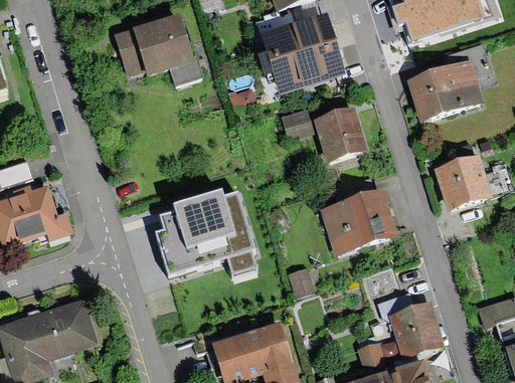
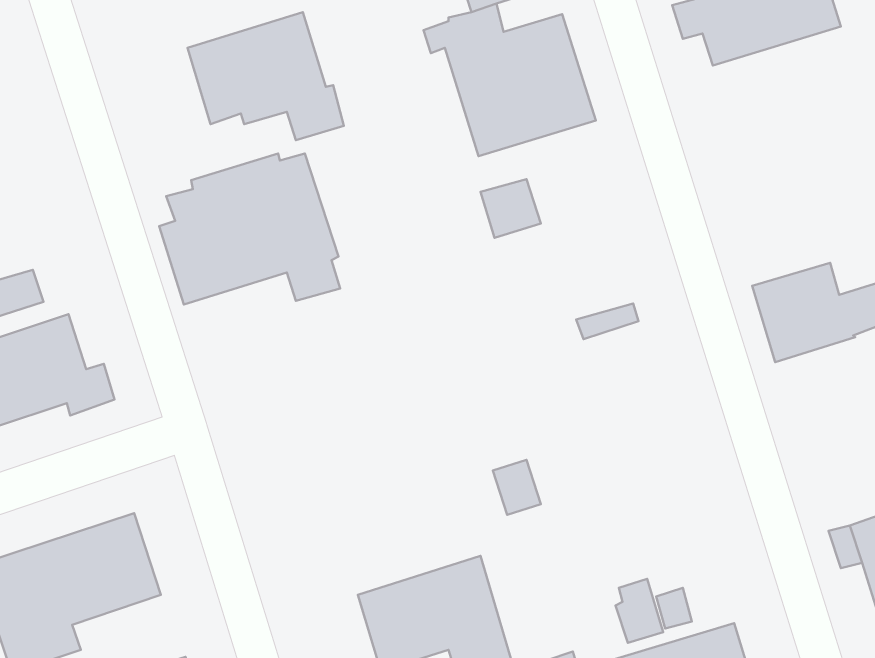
building: [405,43,491,124] -> none
building: [314,106,368,163] -> none
building: [320,189,399,256] -> none
building: [155,191,258,276] -> [159,154,340,304]
building: [377,293,444,358] -> none

